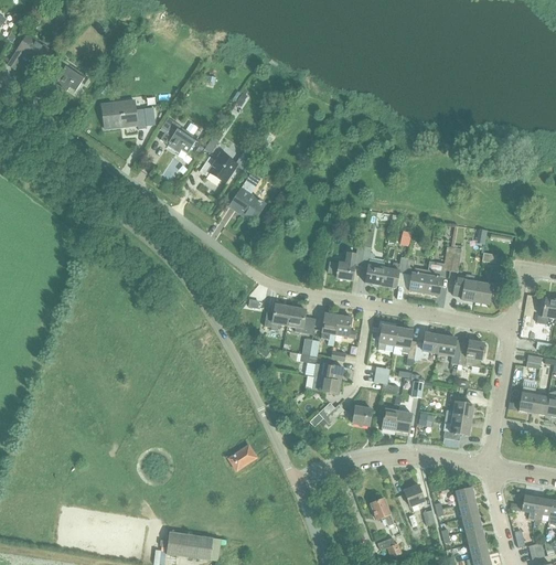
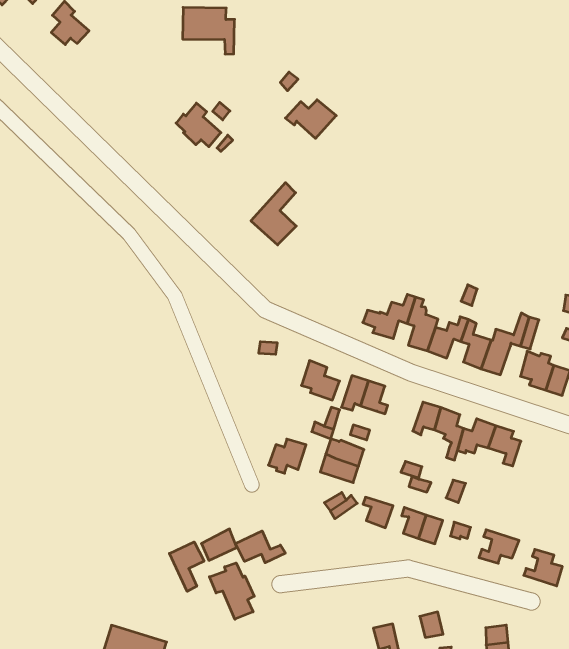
building: [101,99,146,135] -> [183,7,235,54]
building: [199,152,237,182] -> [285,100,336,138]
building: [264,303,290,330] -> [268,439,306,473]
building: [458,339,483,365] -> none
building: [445,394,473,419] -> [524,549,562,586]
building: none -> [235,531,285,563]
building: none -> [169,542,204,591]
building: none -> [209,563,254,619]

